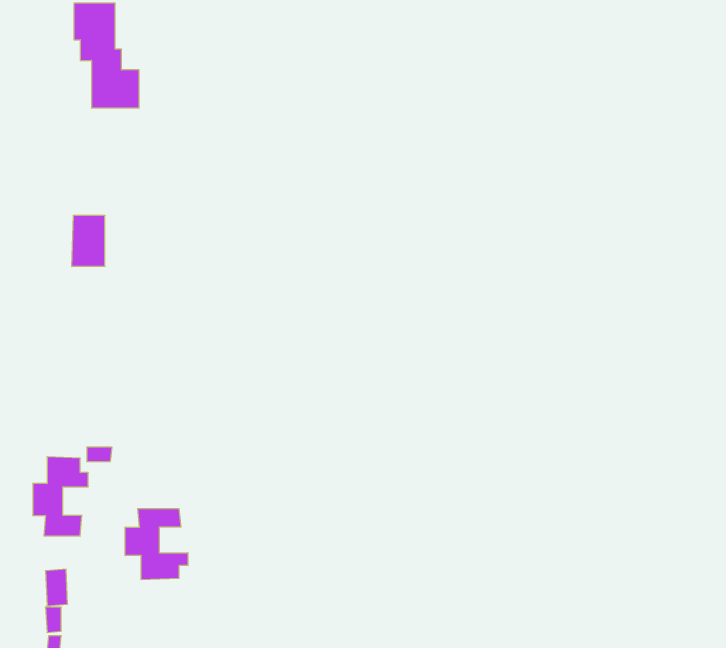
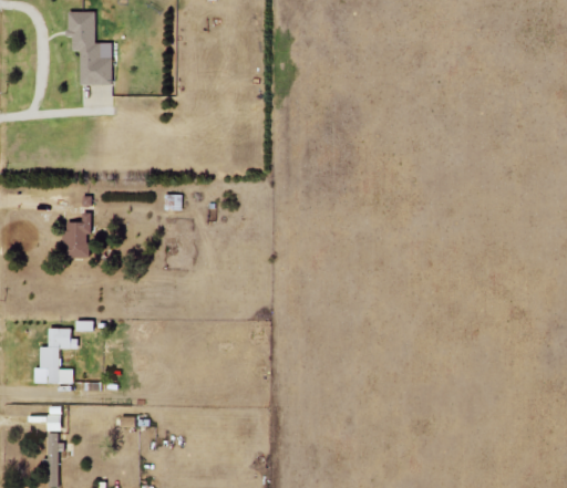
building: [72,215,105,266] -> [64,221,87,257]
building: [125,509,188,580] -> none

